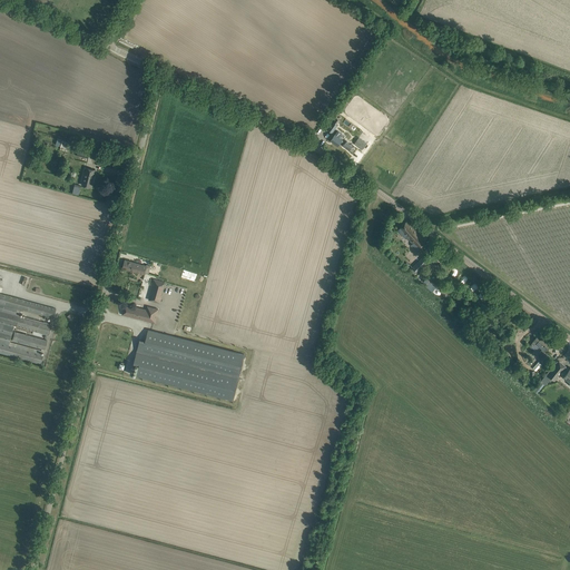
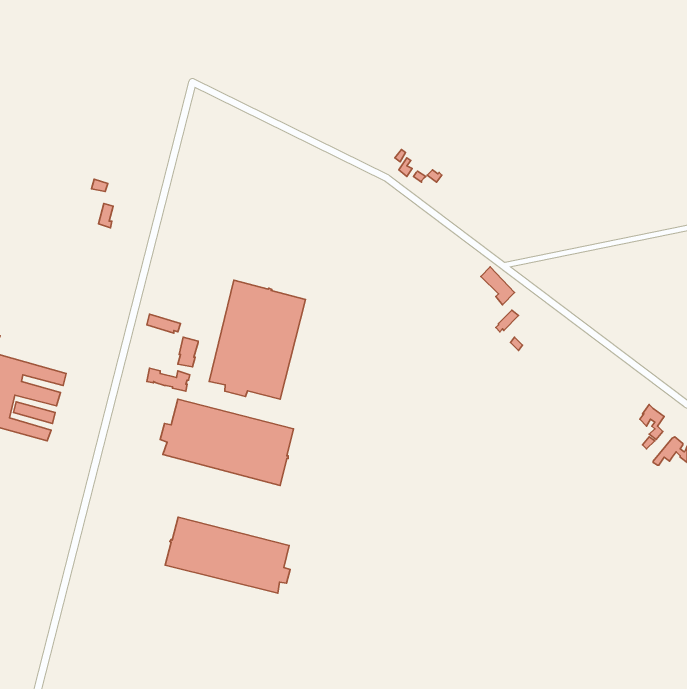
building: none -> [209,280,306,399]
building: none -> [165,517,290,593]

